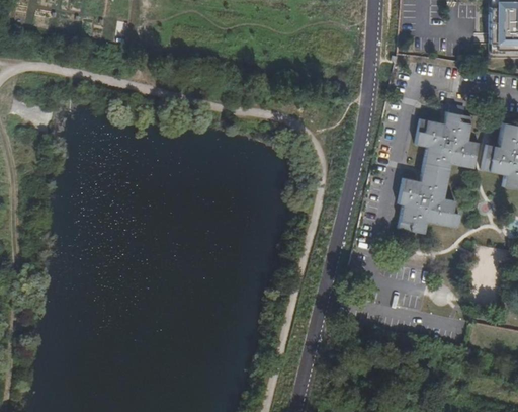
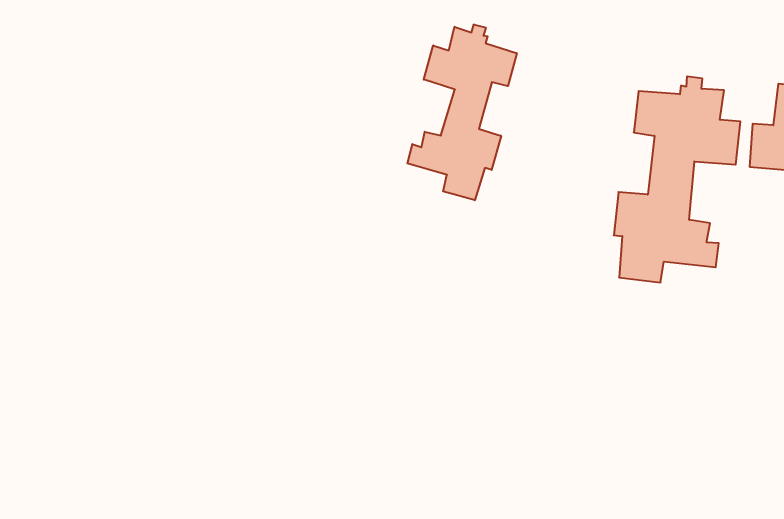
building: none -> [407,24,517,200]

